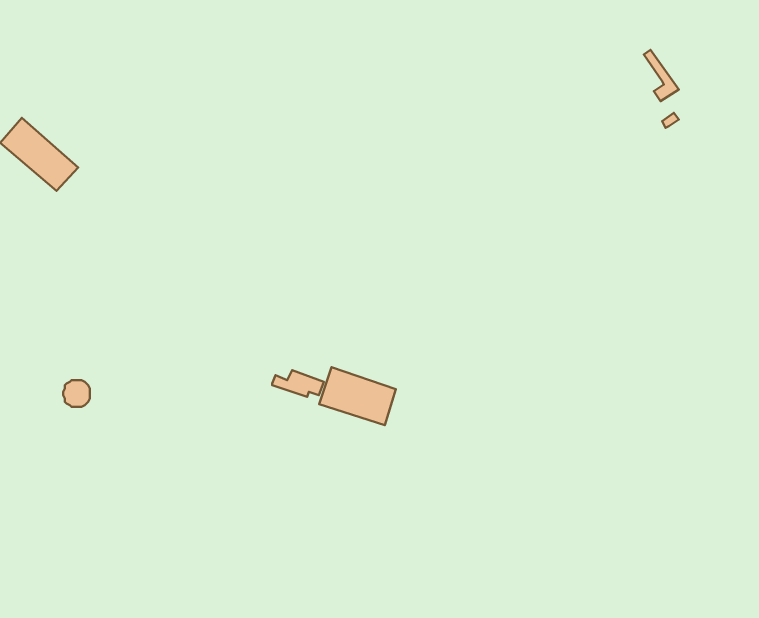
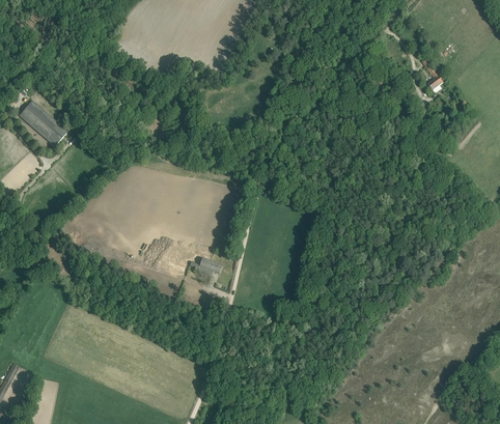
building: [319,367,396,425] -> none

